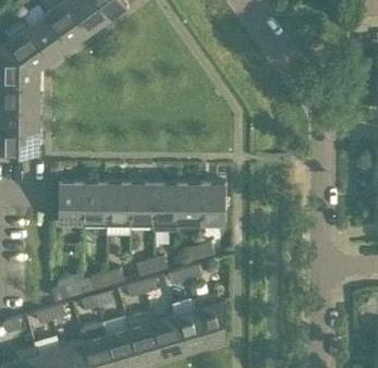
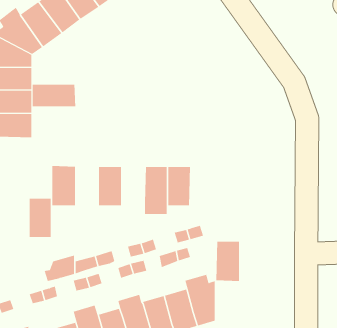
building: none -> [32,84,76,107]
building: [84,183,107,223] -> [29,198,51,238]
building: [131,183,155,223] -> none
building: [200,183,225,224] -> [215,241,240,282]

